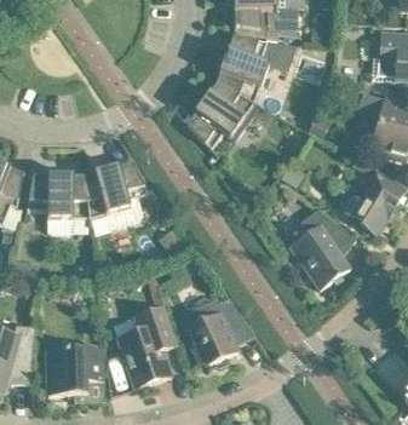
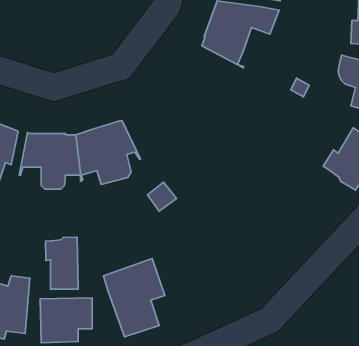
building: [185,82,259,155] -> none
building: [289,208,355,288] -> none
building: none -> [45,237,78,289]
building: [185,297,253,366] -> none

